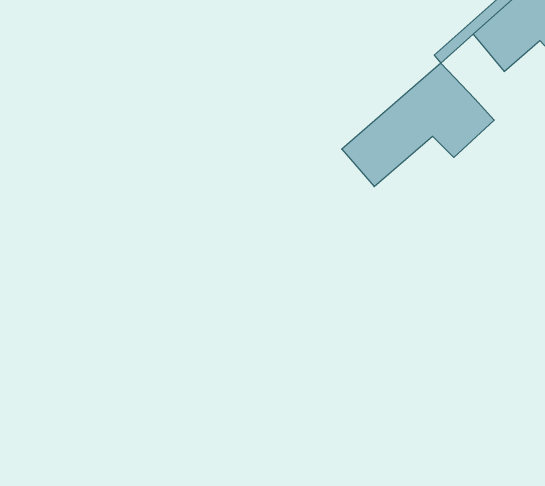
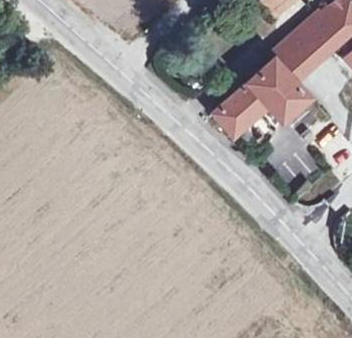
building: none -> [275,43,314,83]

